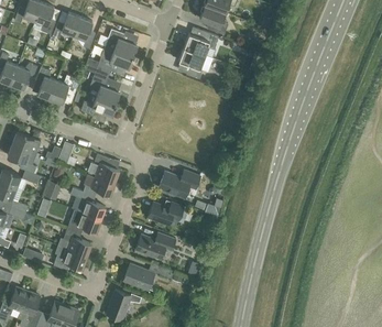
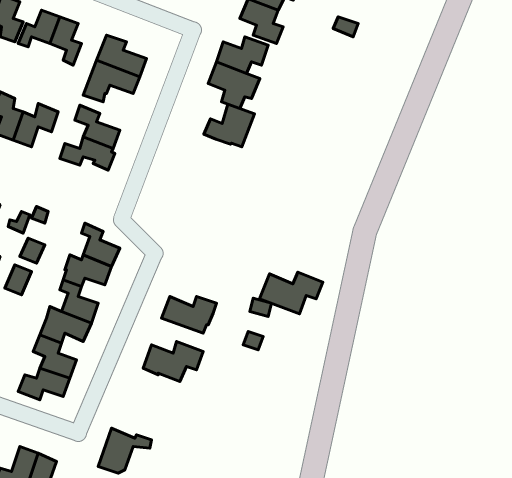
building: none -> [204,104,255,147]
building: [159,170,200,197] -> [260,272,323,314]
building: [123,263,172,290] -> none

